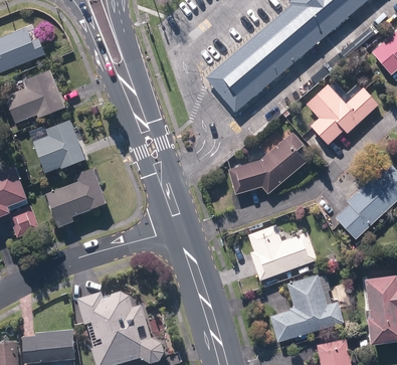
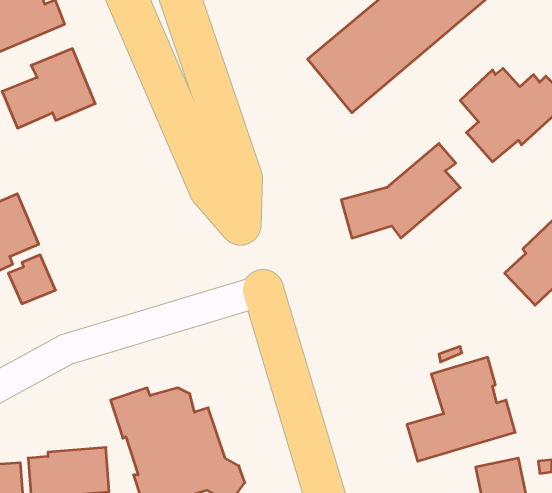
building: [34,120,87,173] -> none
building: [45,168,108,226] -> none
building: [248,224,317,280] -> none

